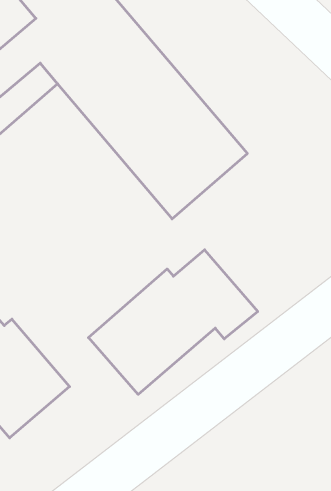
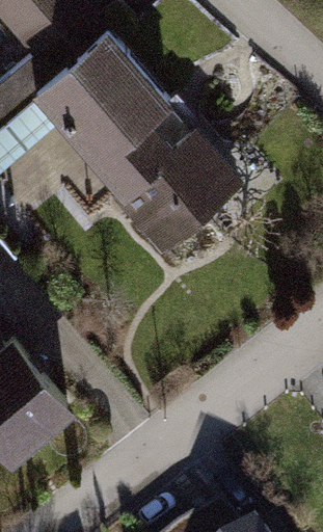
building: [88,250,258,394] -> none

